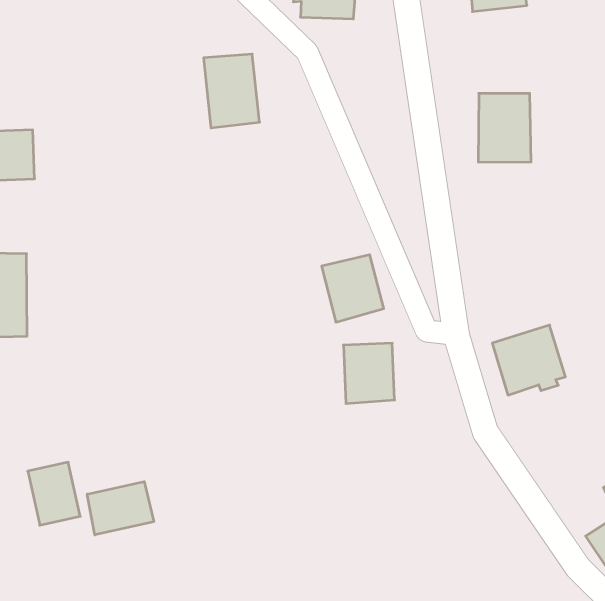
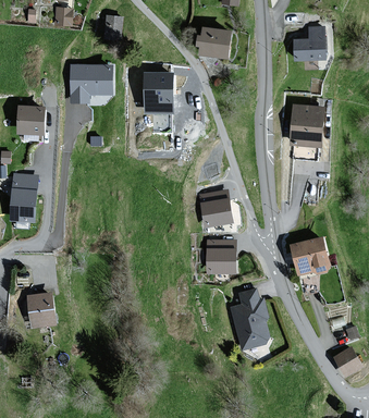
building: none -> [70,65,112,102]
building: none -> [230,288,268,349]
building: [87,482,154,535] -> none

